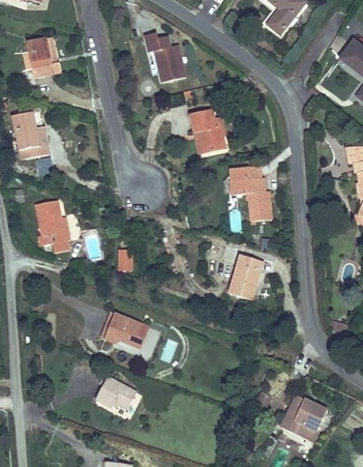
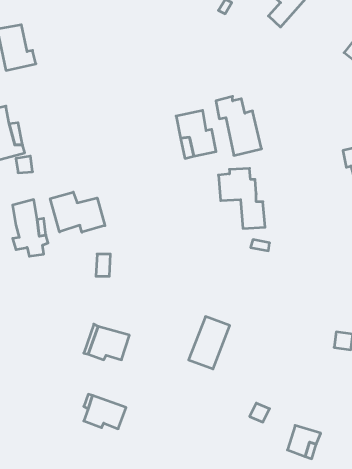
building: [144,32,186,87] -> [216,96,262,155]
building: none -> [50,192,105,232]
building: [226,257,265,305] -> [189,317,230,369]
building: [280,391,325,429] -> none

